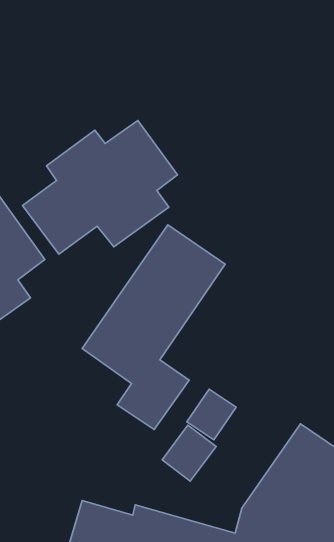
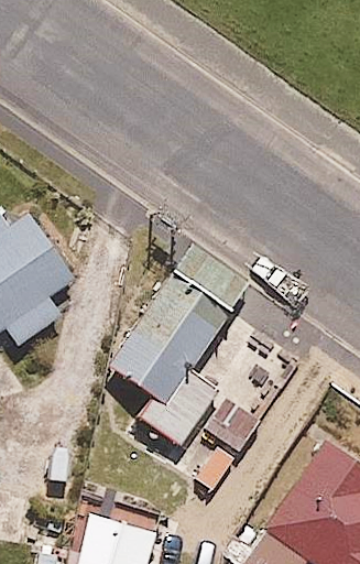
building: [23,120,177,254] -> none

